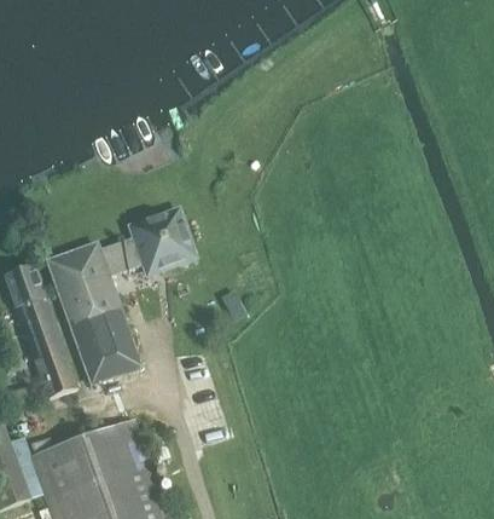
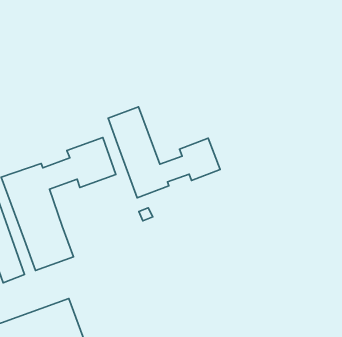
building: none -> [108,107,220,198]

